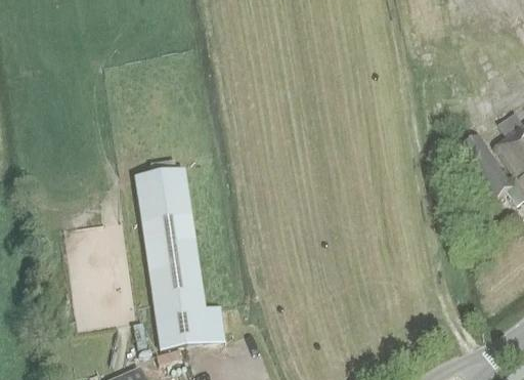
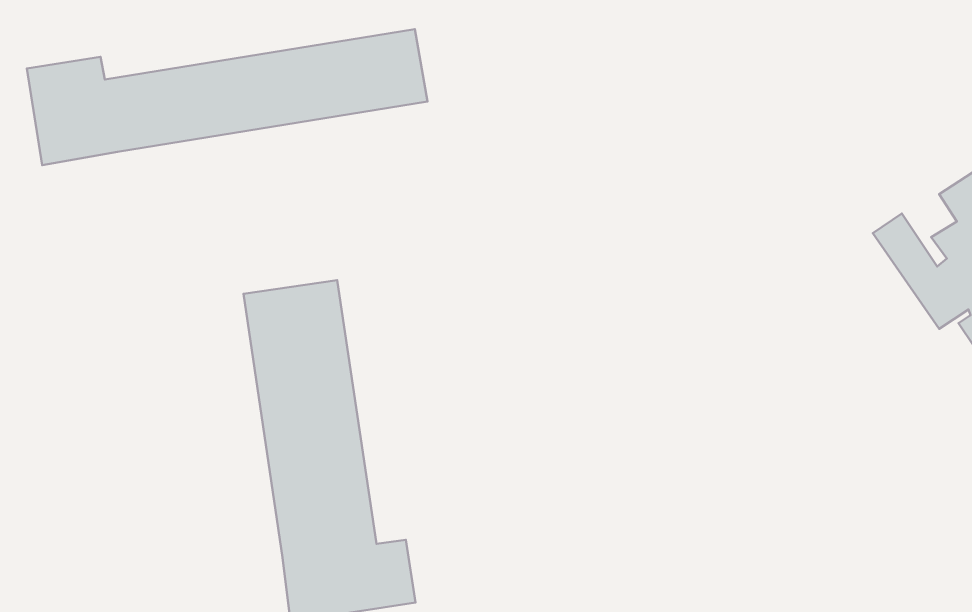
building: none -> [27,29,427,165]

